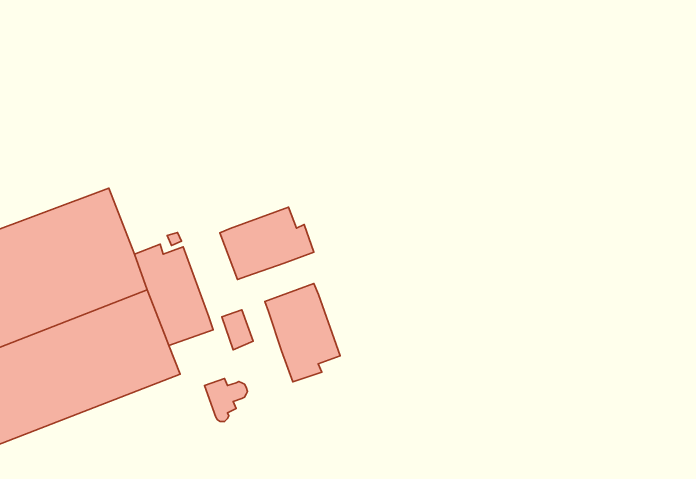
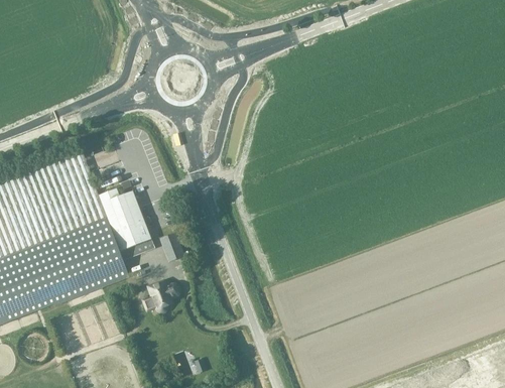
building: [220,207,314,280] -> none
building: [265,283,340,382] -> none

